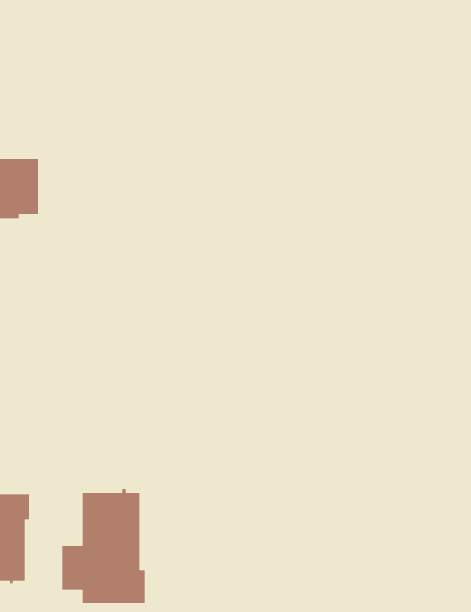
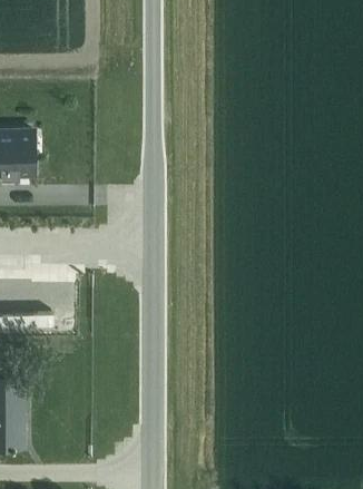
building: [61,488,145,604] -> none

